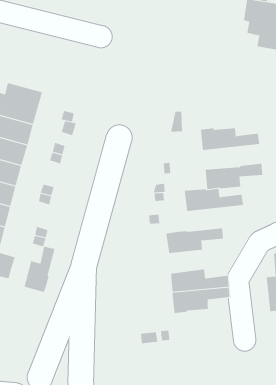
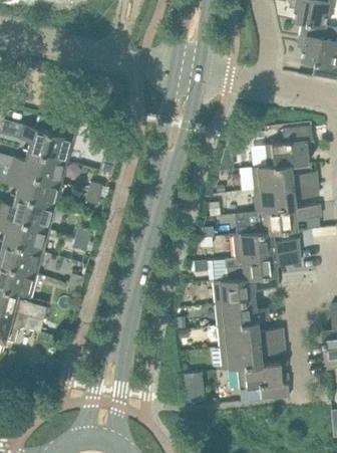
building: none -> [265,127,313,167]
building: none -> [253,183,318,211]
building: none -> [224,250,300,279]
building: [24,246,55,293] -> none
building: none -> [216,299,268,325]
building: none -> [237,361,289,399]

